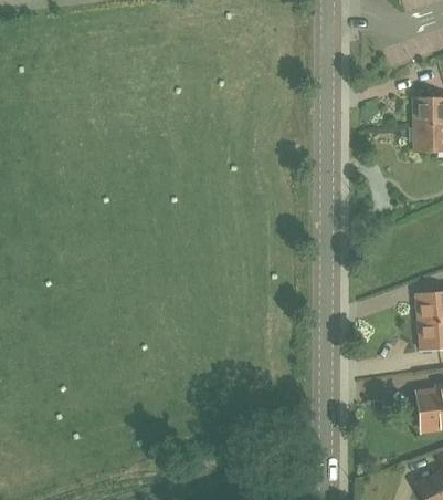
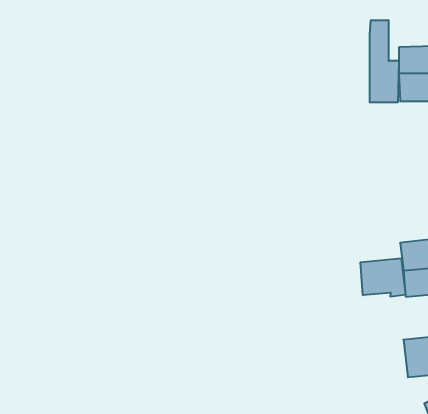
building: none -> [370,20,399,102]
building: none -> [360,258,405,297]

